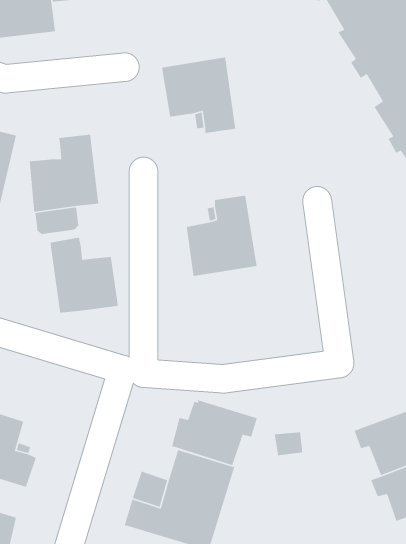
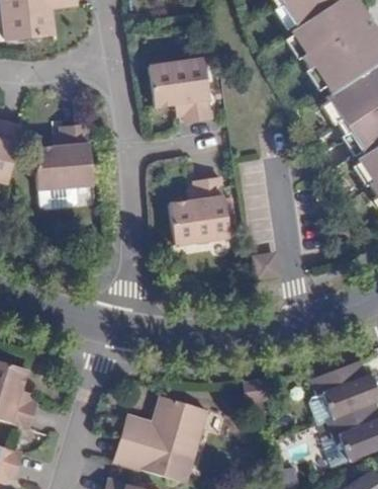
building: [49,237,119,314] -> none
building: [171,399,258,466] -> none

